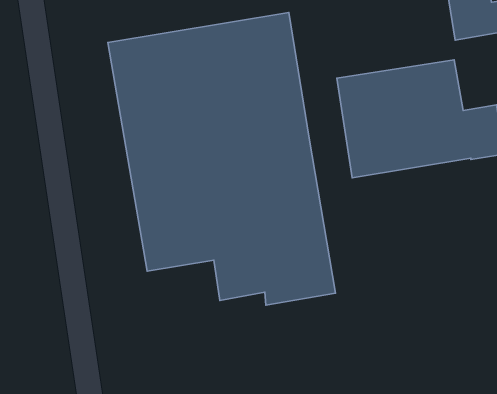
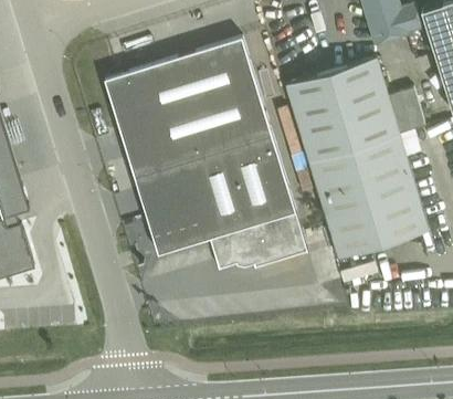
building: none -> [308,134,428,259]

